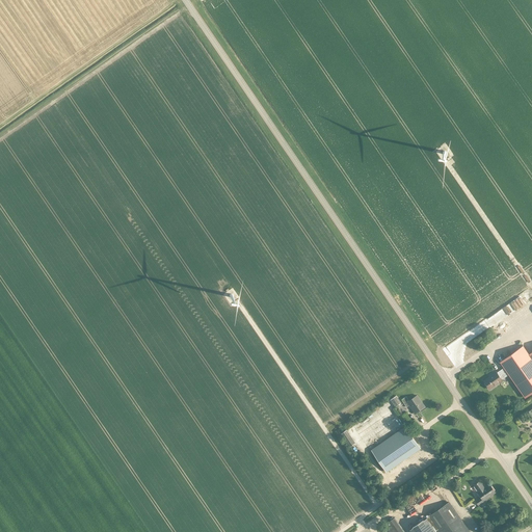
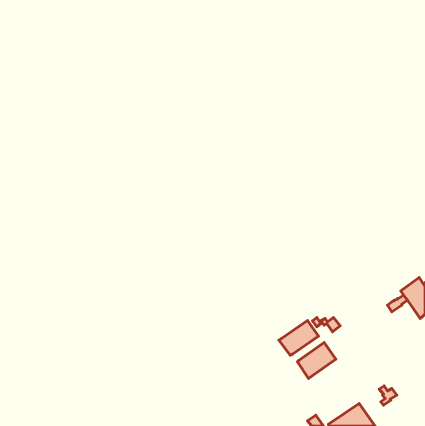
building: none -> [279,320,318,355]

